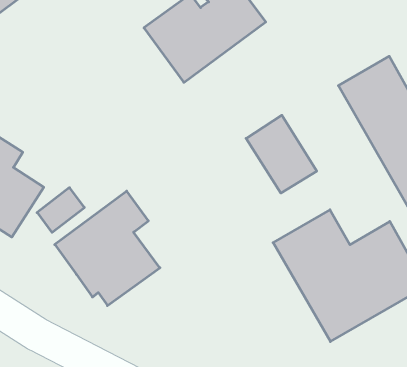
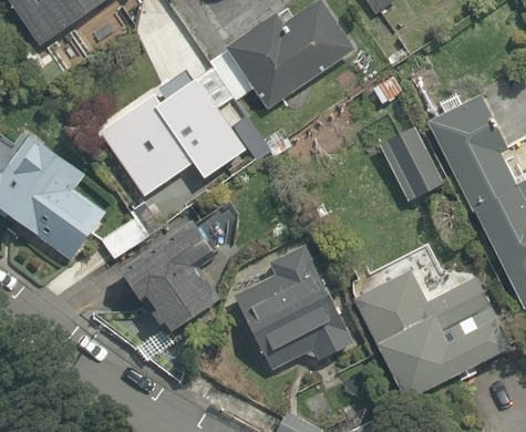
building: none -> [101,66,246,194]
building: [246,115,317,193] -> [374,121,447,204]
building: none -> [234,241,355,370]

